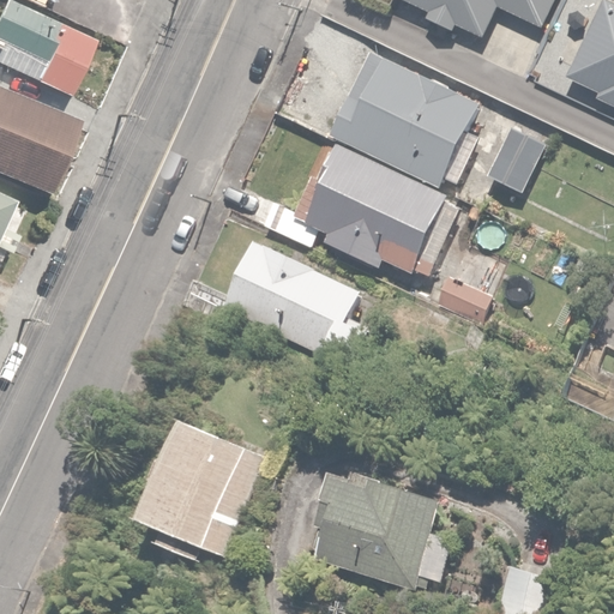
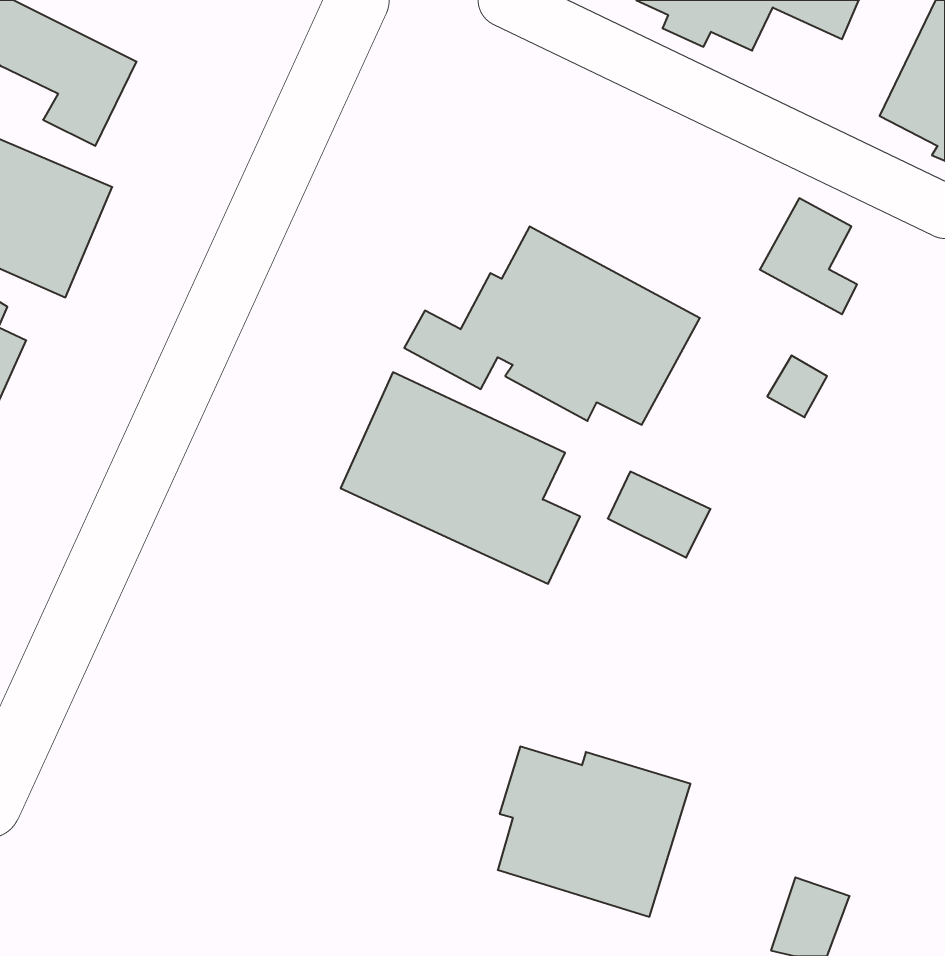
building: [332,53,481,186] -> none
building: [431,272,496,327] -> [608,472,711,558]
building: [140,413,269,559] -> none

